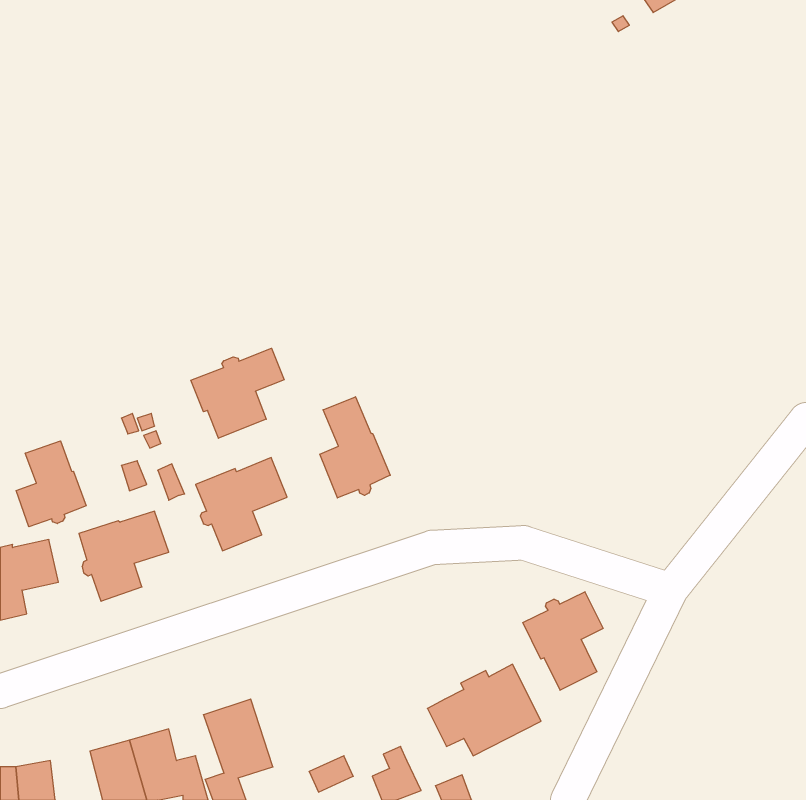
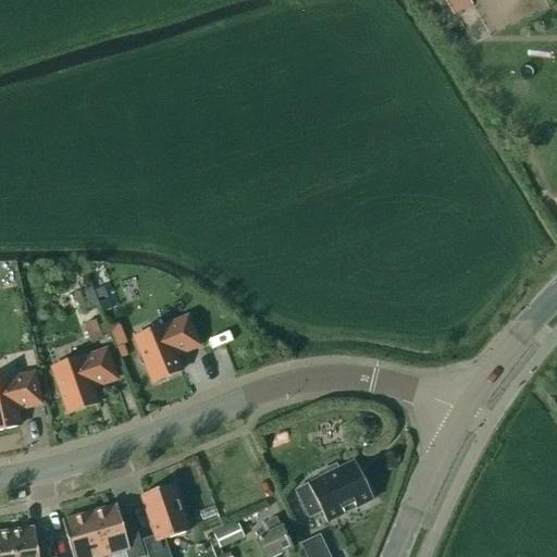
building: [191,348,284,438] -> none
building: [320,397,390,498] -> none
building: [16,441,86,527] -> none
building: [523,592,603,690] -> none

